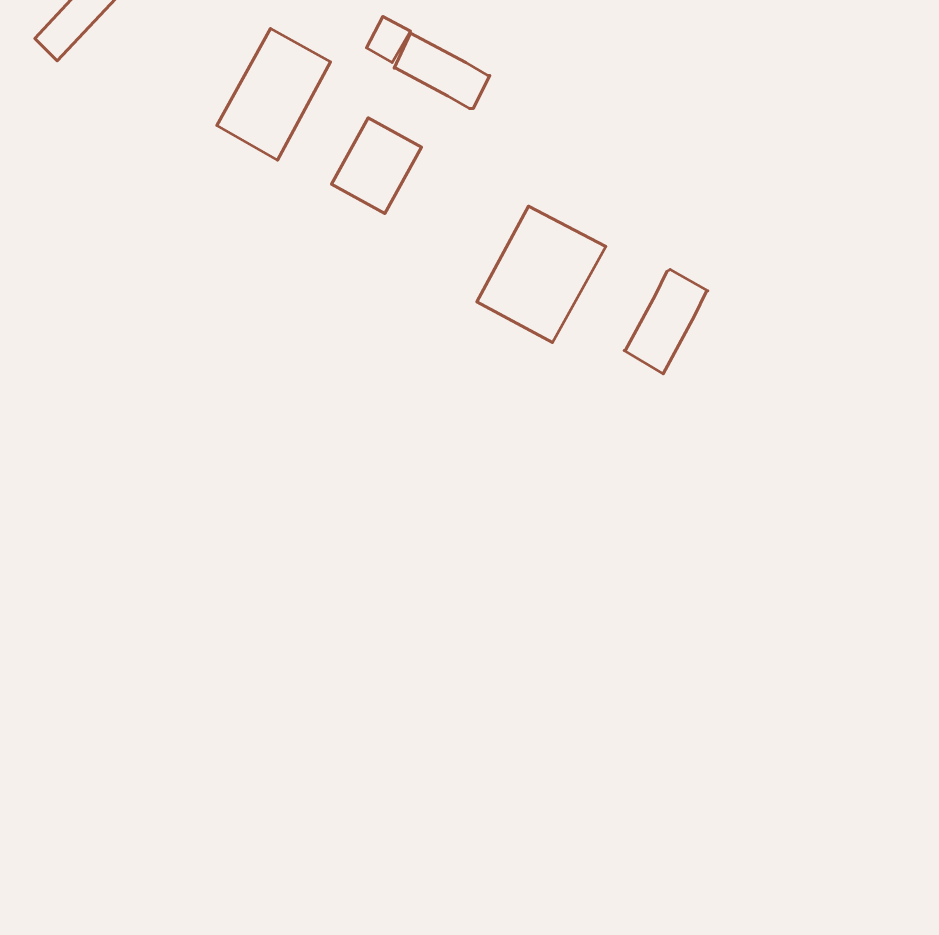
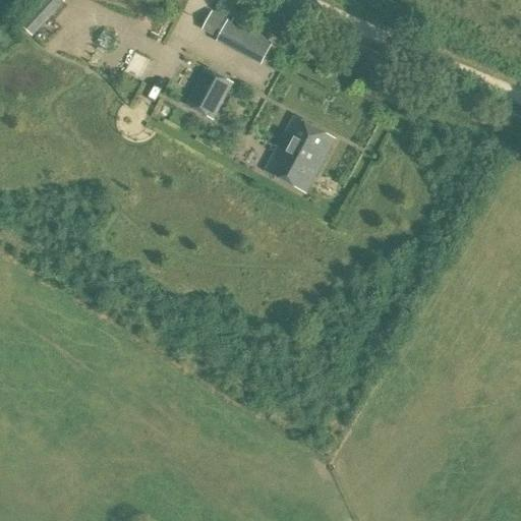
building: [217,28,331,160] -> none
building: [624,269,708,374] -> none

